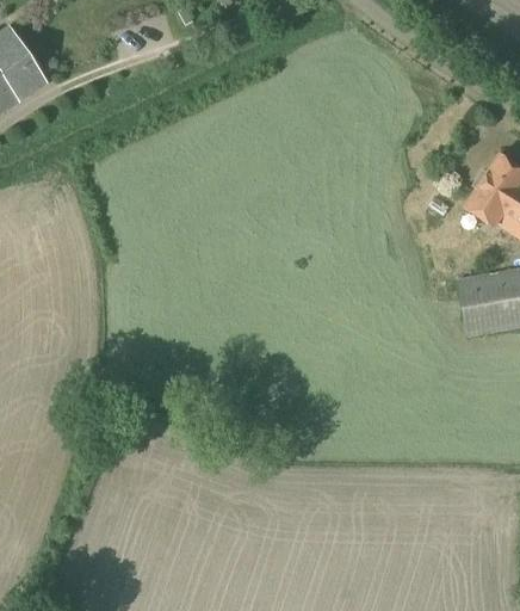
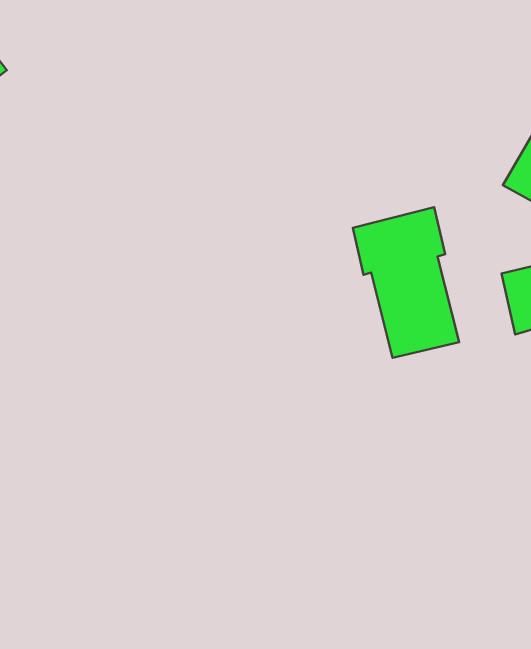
building: none -> [353,207,459,358]

